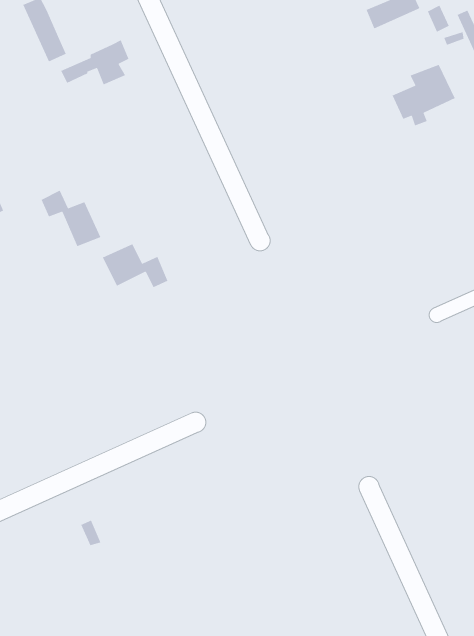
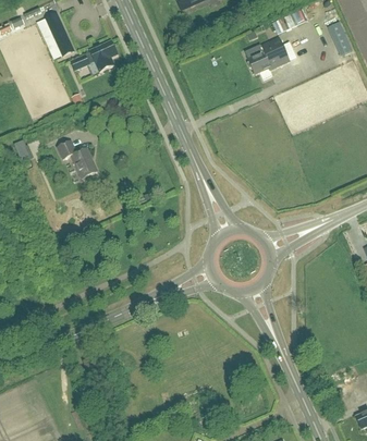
building: [391,64,456,126] -> [247,37,290,78]
building: [102,243,169,288] -> none

